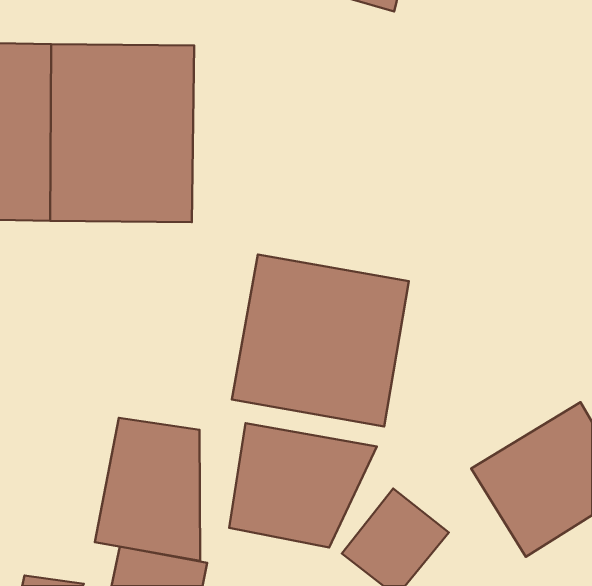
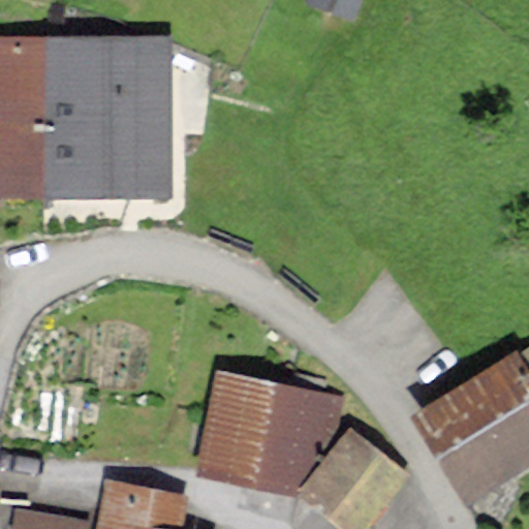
building: [232,254,409,426] -> none
building: [95,418,200,561] -> none

